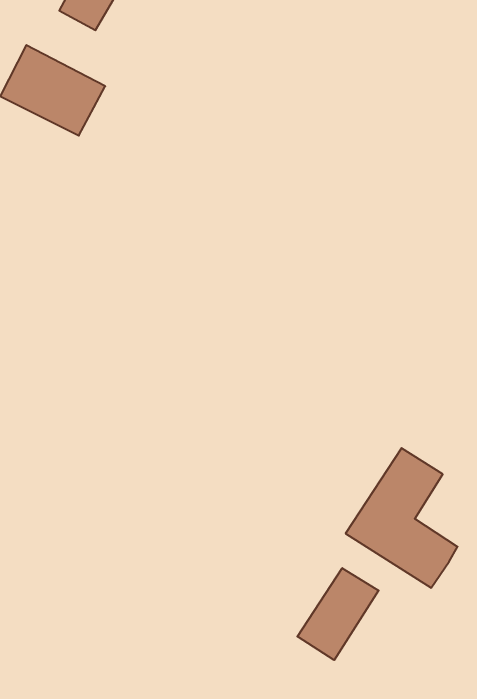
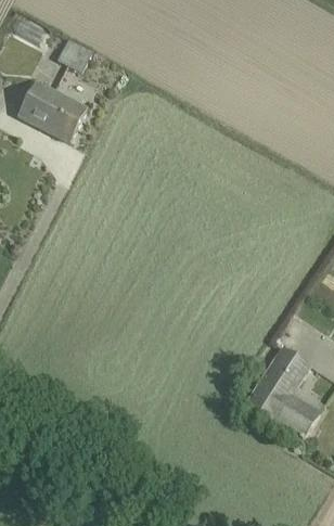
building: [297,568,379,660] -> none

